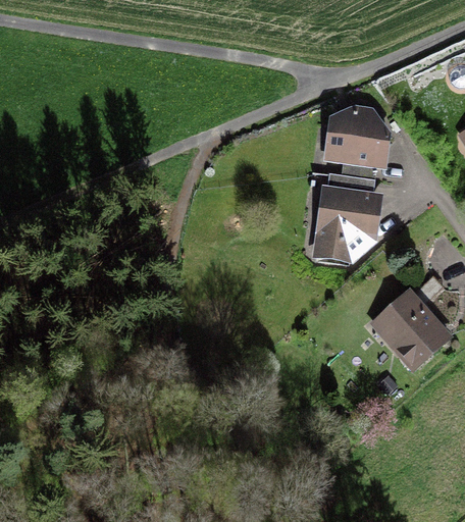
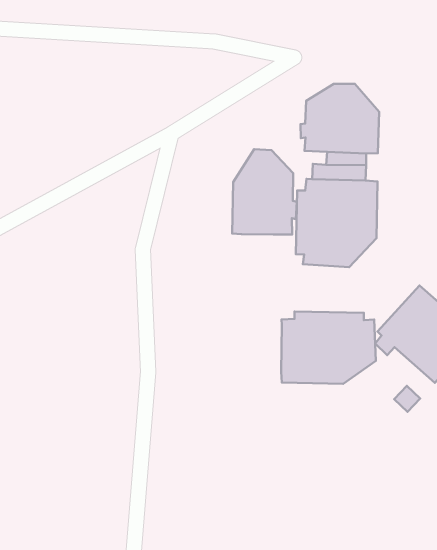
building: none -> [232,149,297,235]
building: none -> [281,312,376,384]

